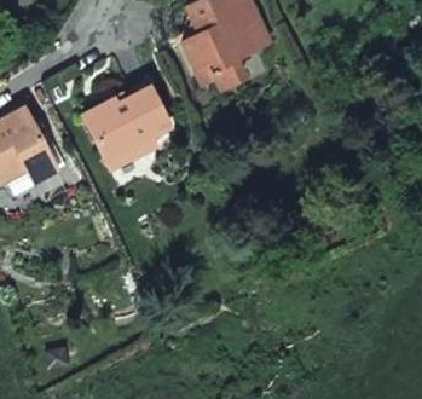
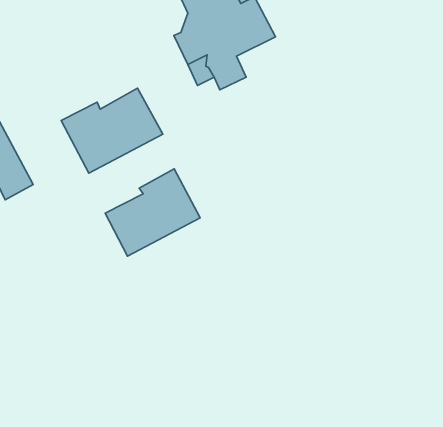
building: none -> [105,169,200,256]

